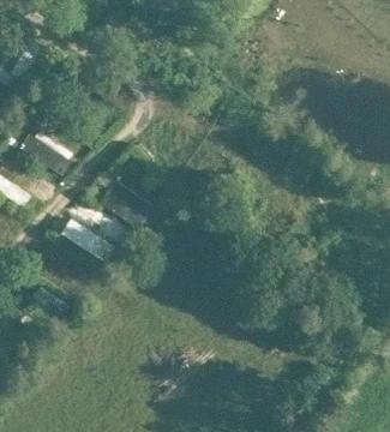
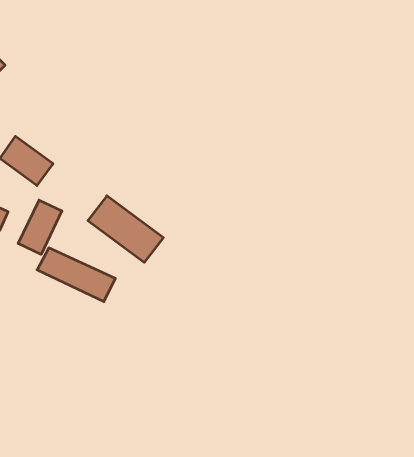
building: none -> [18,200,62,254]

